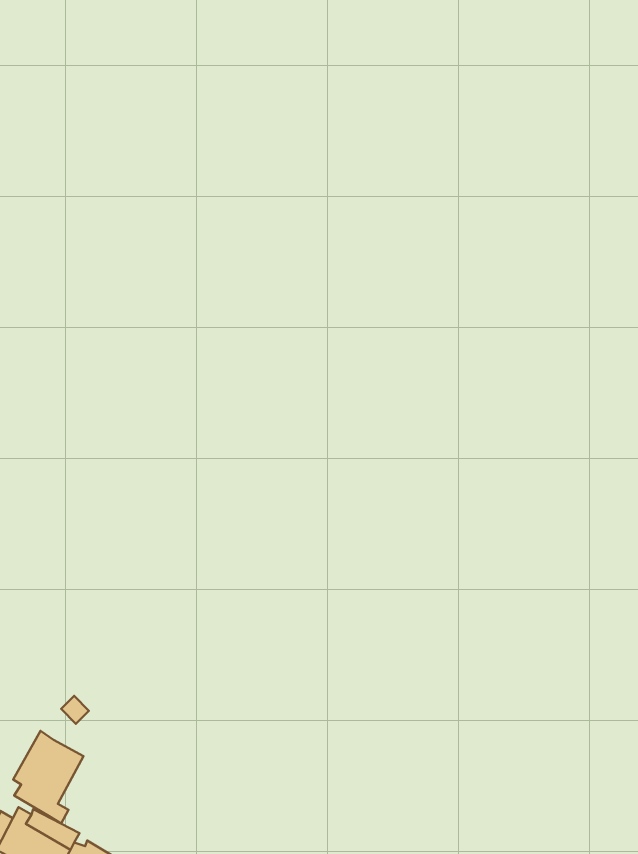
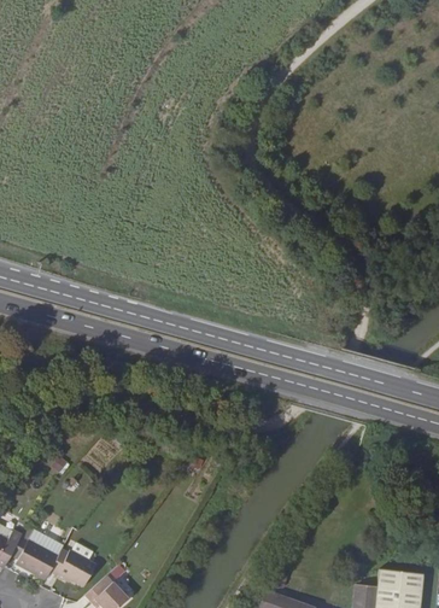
building: [13,731,83,823] -> none

